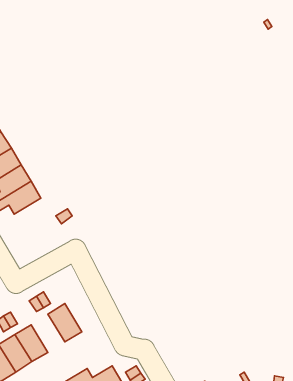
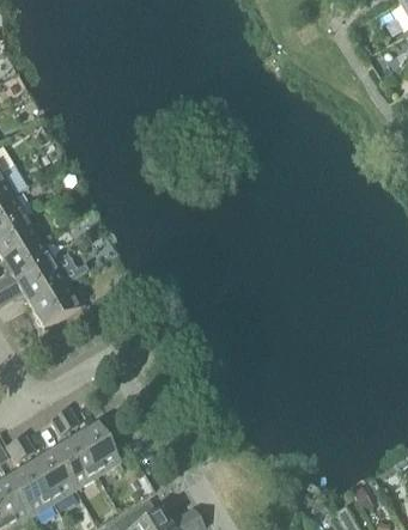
building: none -> [30,280,80,325]
building: none -> [53,435,98,487]

